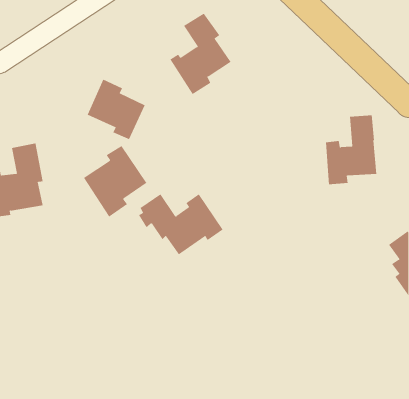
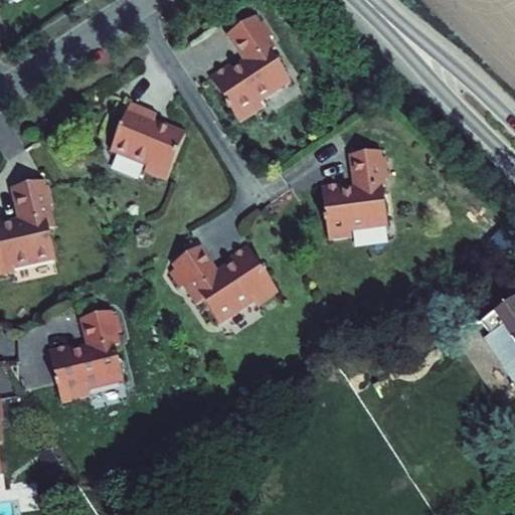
building: [325,115,377,185] -> [322,154,387,241]
building: [83,145,147,217] -> none
building: none -> [45,313,121,401]

